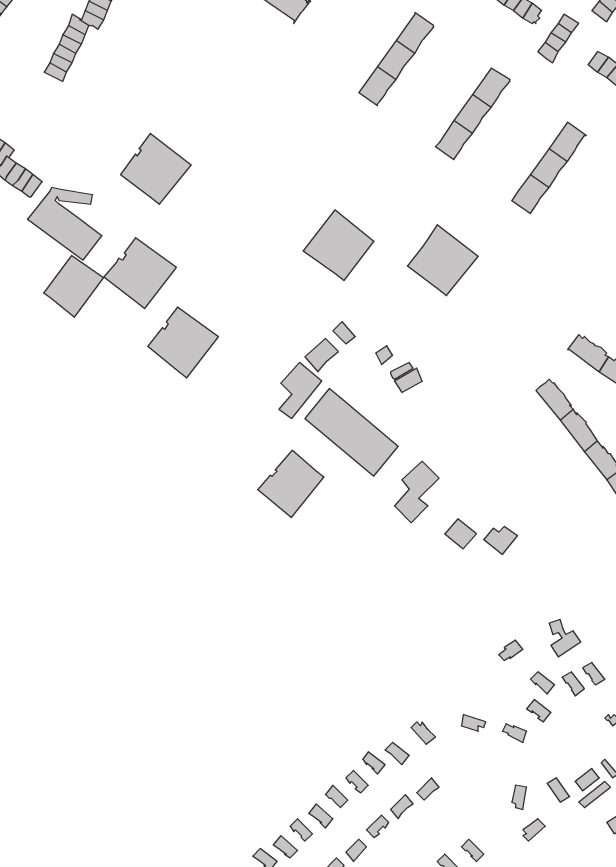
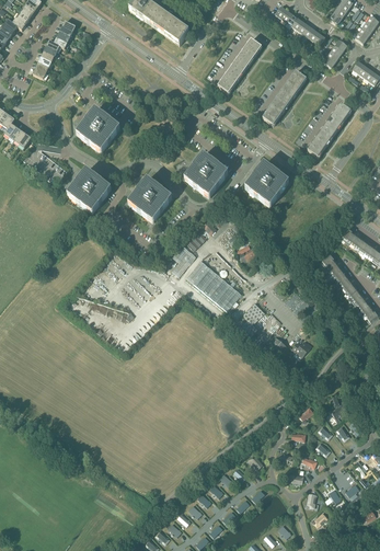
building: [44,255,103,317] -> none
building: [148,307,218,378] -> [128,179,170,220]
building: [258,450,324,518] -> none

